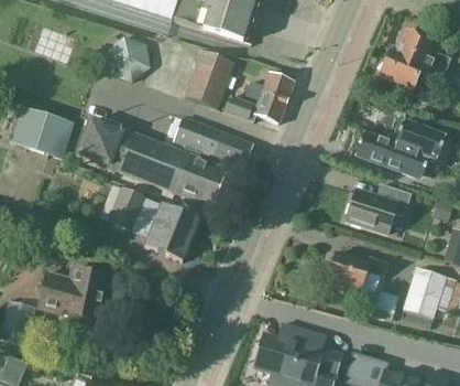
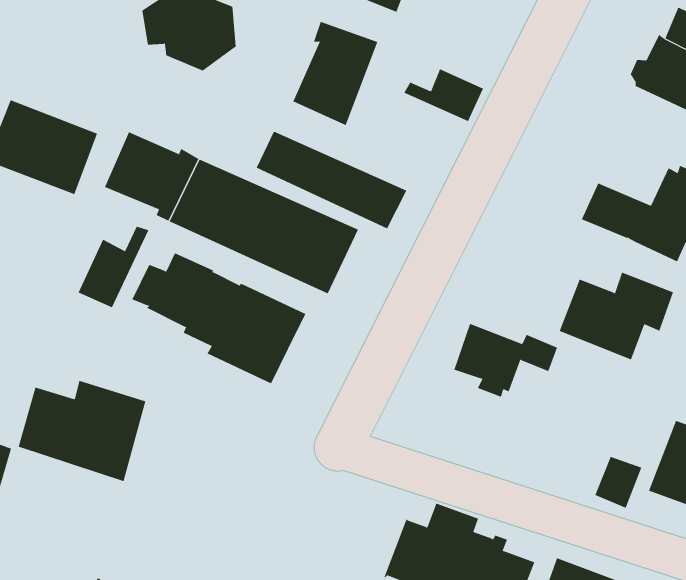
building: [224,87,287,122] -> none
building: none -> [78,226,149,308]
building: [329,251,388,293] -> [453,323,558,397]

